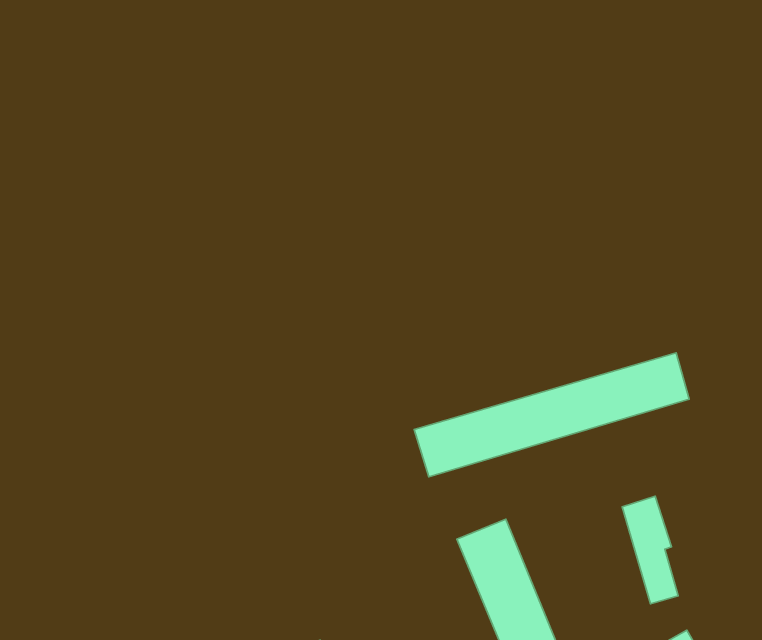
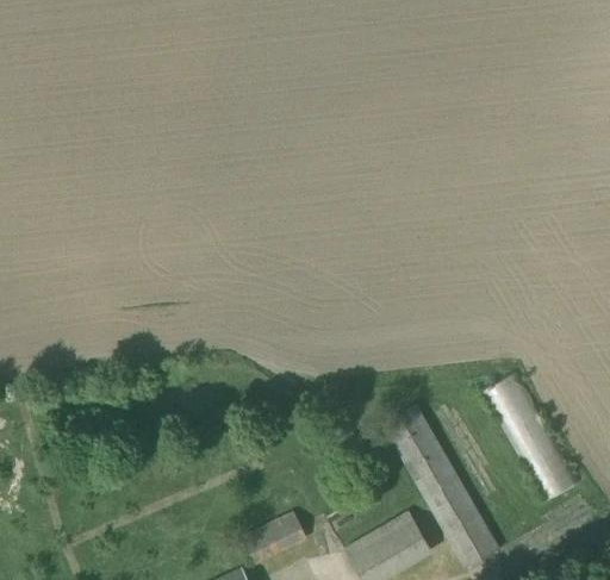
building: [414,353,689,477] -> none

